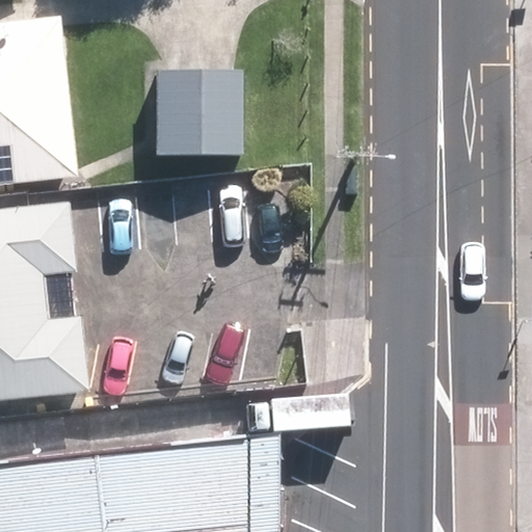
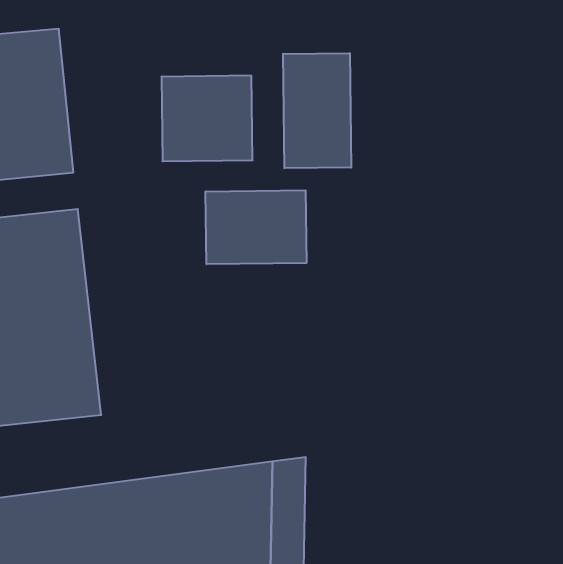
building: none -> [283,53,351,168]
building: none -> [206,190,306,264]

